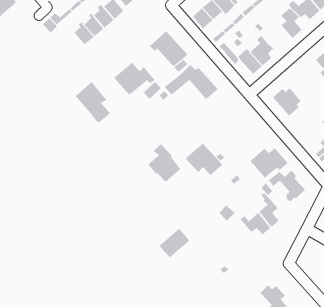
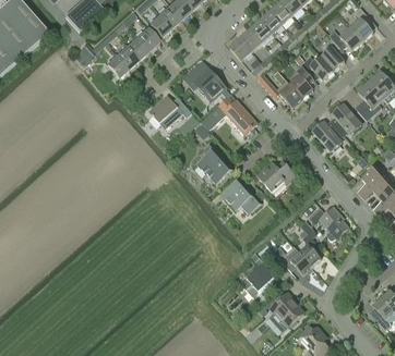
building: none -> [301,56,334,79]
building: none -> [332,103,361,134]
building: [75,81,111,124] -> none
building: [148,144,181,182] -> [197,142,232,182]
building: [250,147,289,179] -> [256,159,297,192]
building: [159,228,190,258] -> [241,263,274,295]
building: none -> [270,291,303,330]

